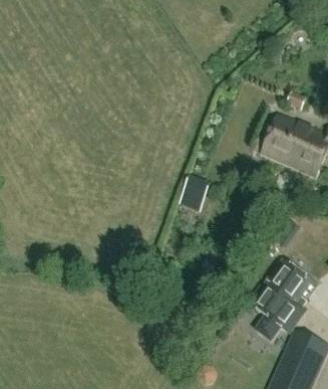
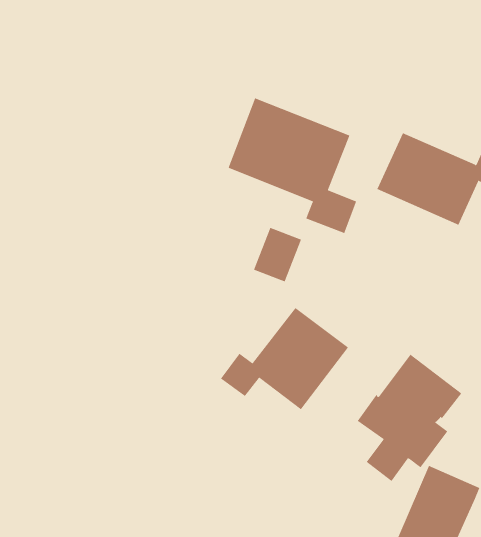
building: none -> [228,98,357,234]
building: none -> [220,307,349,410]

